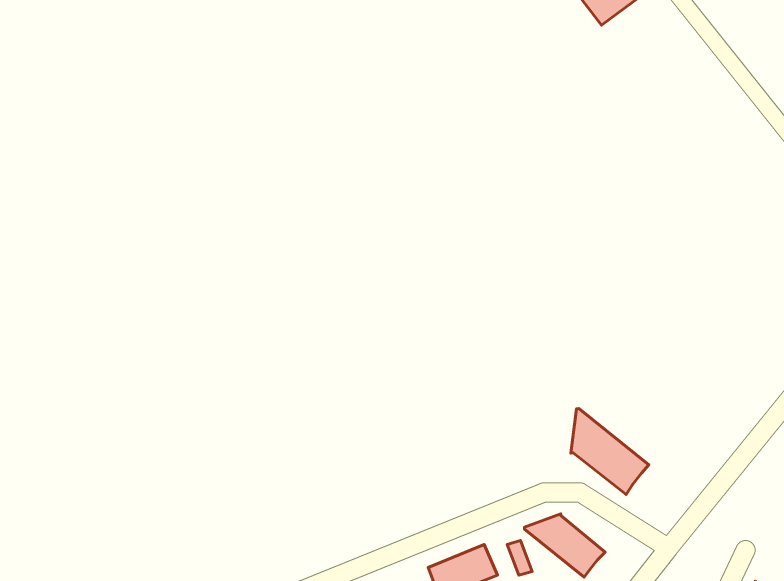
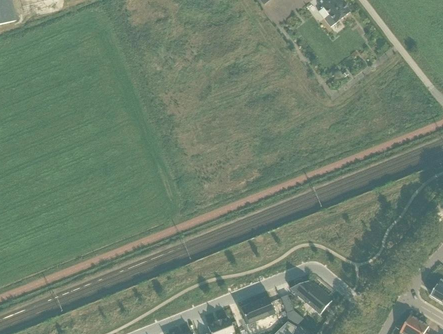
building: [571,408,649,495] -> none

